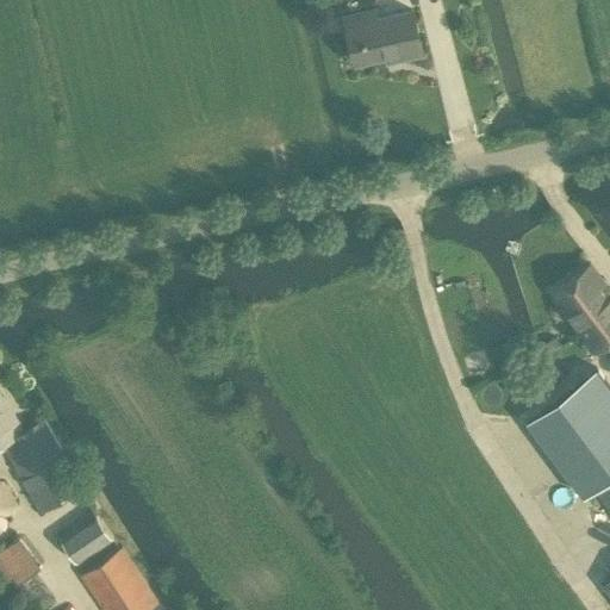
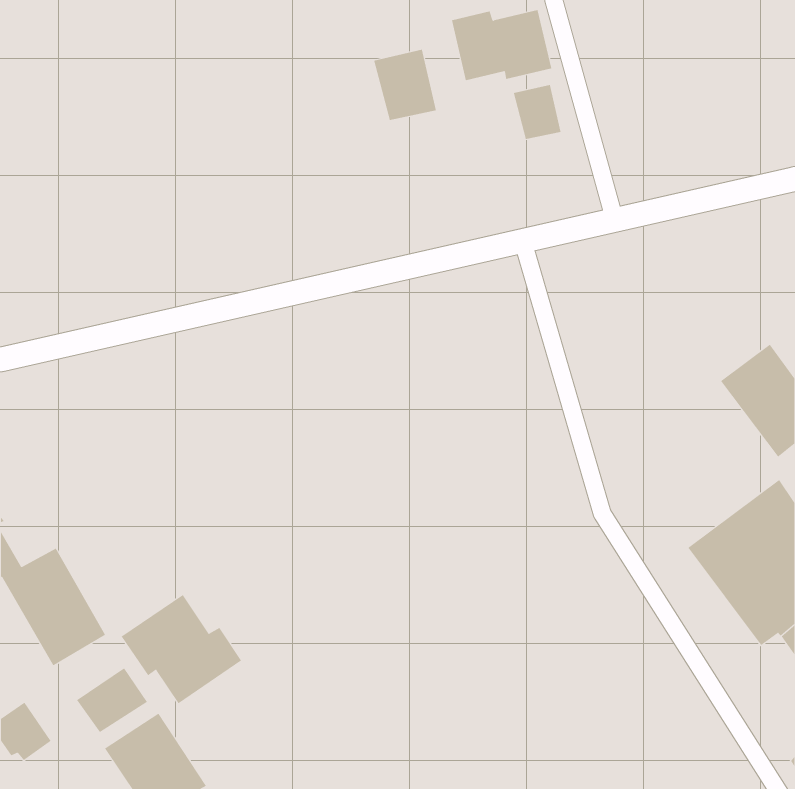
building: none -> [374,49,437,121]
building: none -> [513,84,561,140]
building: none -> [121,594,242,704]

